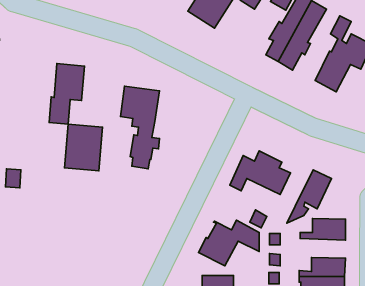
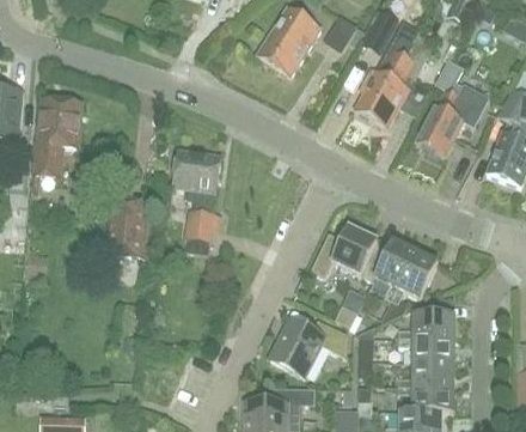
building: [49,63,84,124] -> [33,101,78,177]
building: none -> [371,244,414,300]
building: none -> [397,341,454,366]

